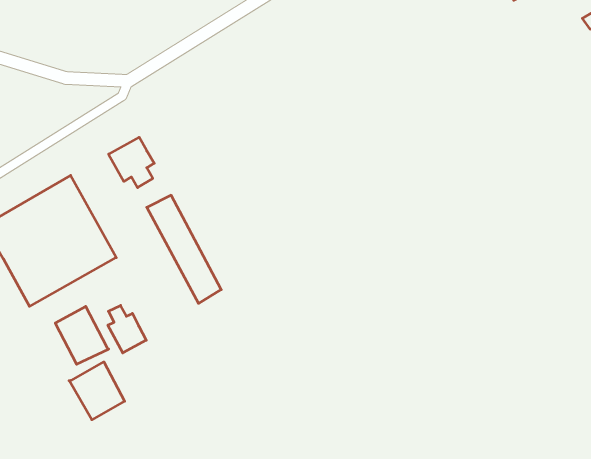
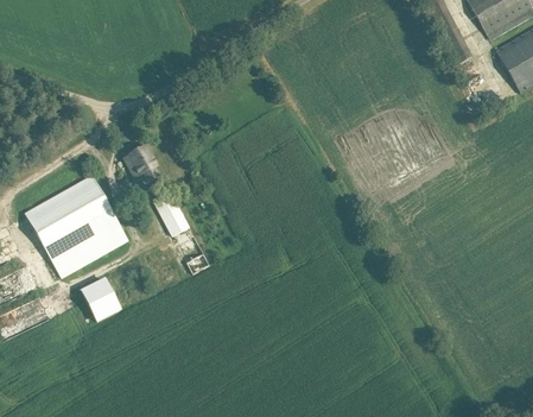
building: [108,305,146,353] -> none
building: [69,362,125,420] -> none

